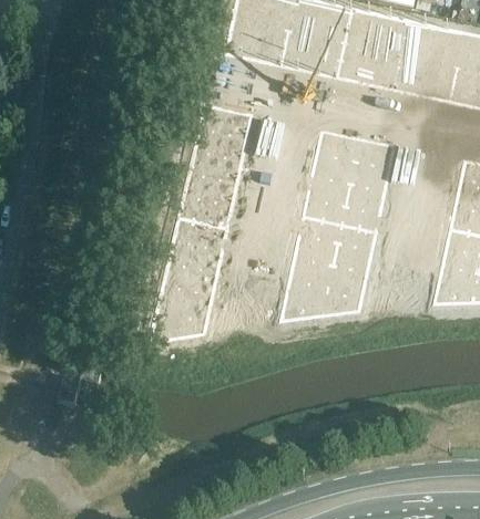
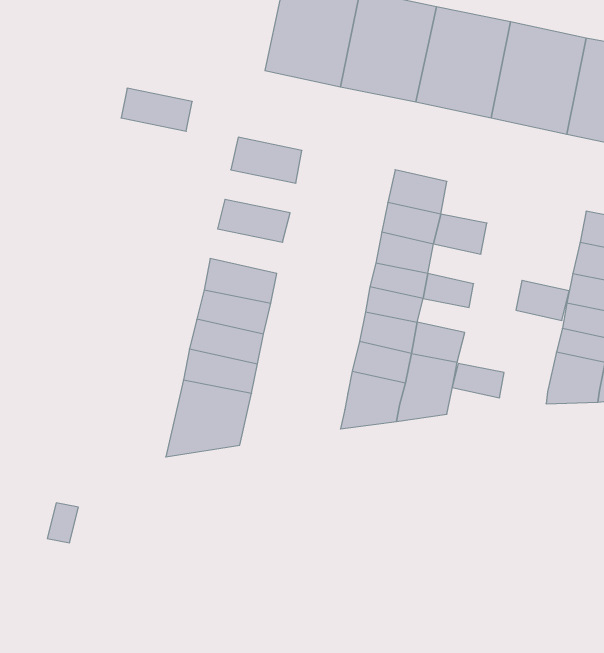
building: [194,127,247,159] -> [121,88,192,131]
building: [356,136,396,167] -> none
building: [183,172,237,205] -> none
building: [346,183,386,212] -> [516,280,569,320]
building: [338,224,377,249] -> [452,364,504,398]

